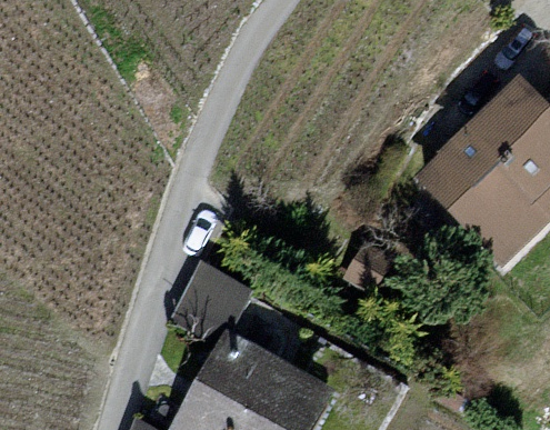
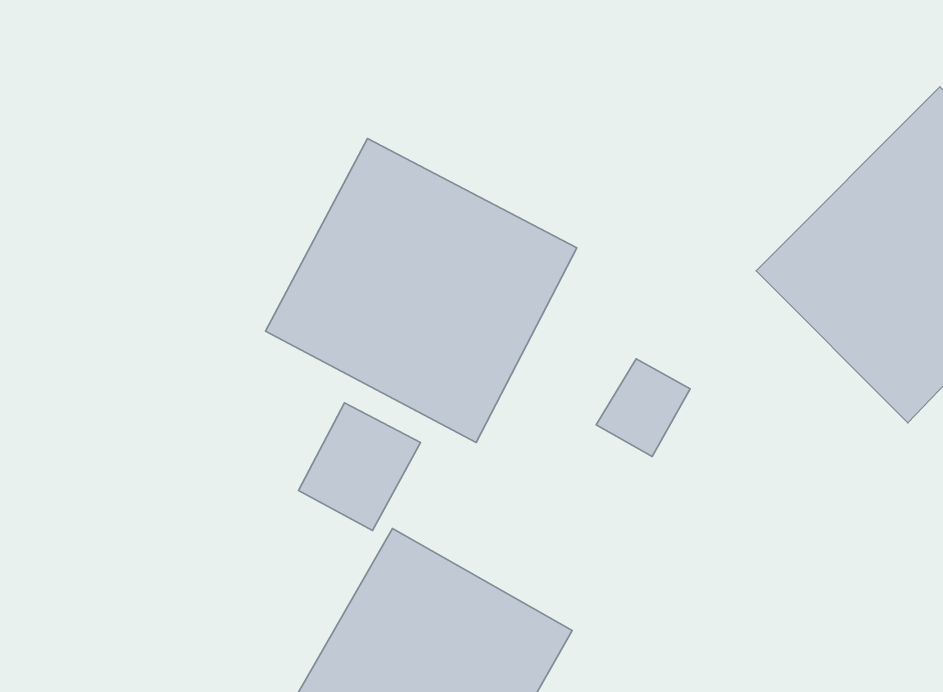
building: none -> [265,139,577,442]

